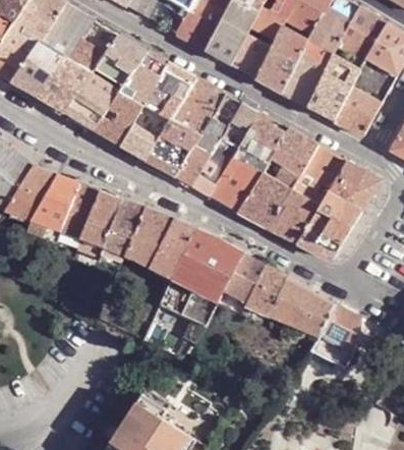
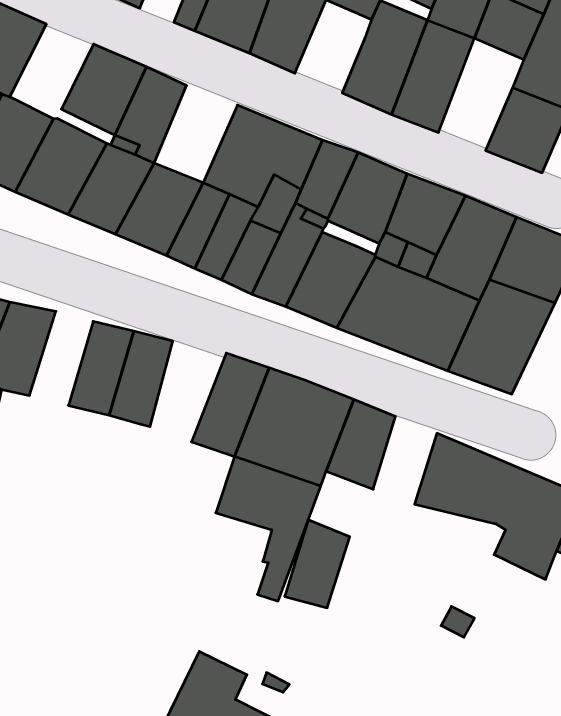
building: [67,20,118,74] -> none
building: [230,36,272,78] -> none
building: [307,56,360,120] -> none
building: [145,64,195,120] -> none
building: [59,183,100,237] -> none
building: [125,208,173,266] -> none
building: [246,265,287,316] -> [285,520,350,608]

